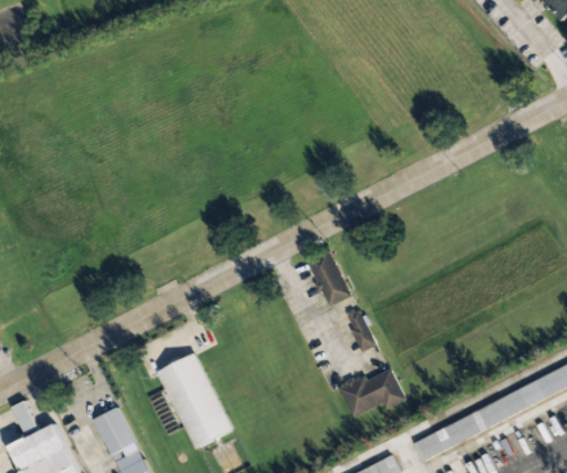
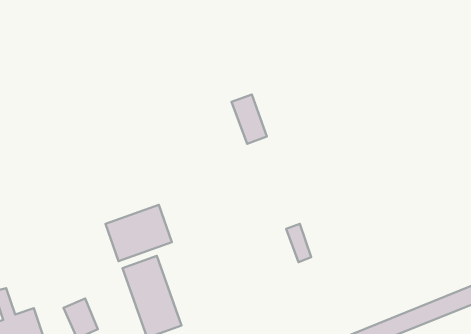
building: [307,250,350,308] -> [231,94,267,144]
building: none -> [106,205,172,261]
building: [339,370,405,418] -> none

